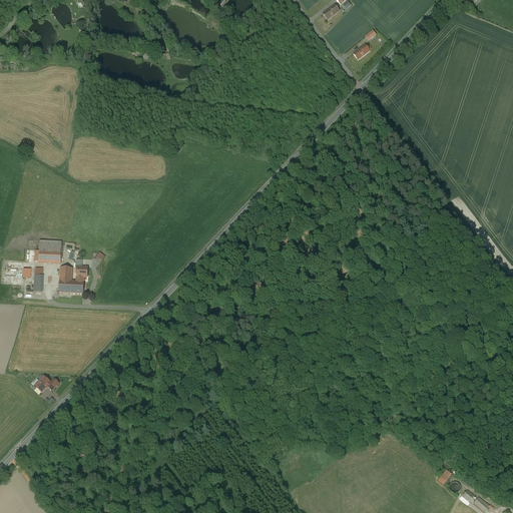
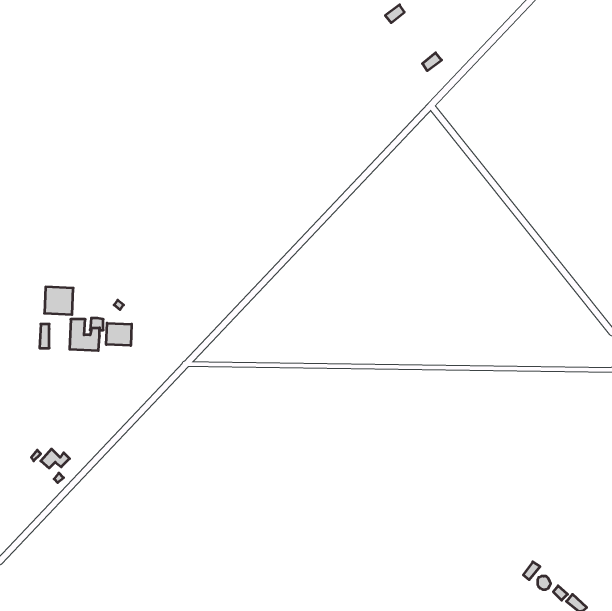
building: none -> [106,323,132,346]

